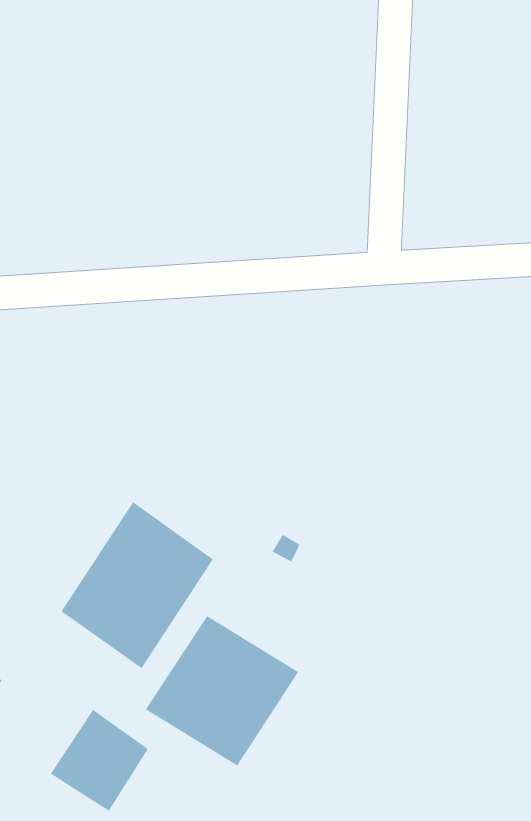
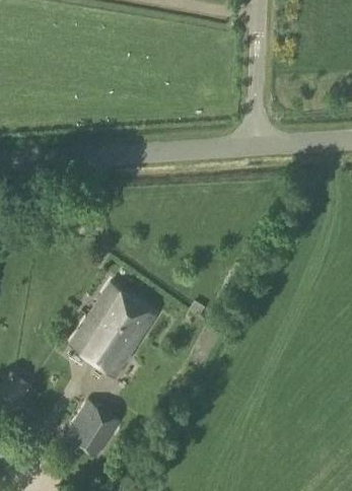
building: [145,615,299,766] -> none

